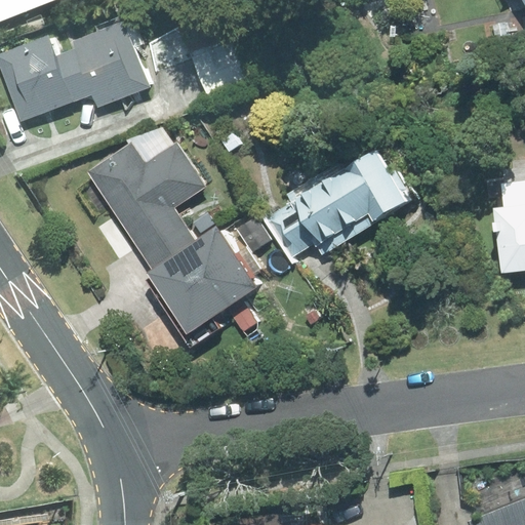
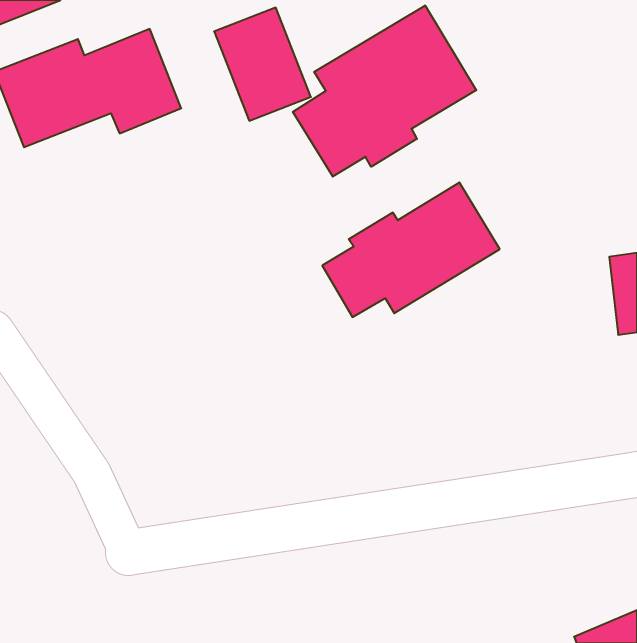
building: none -> [293,5,476,177]
building: [88,142,261,334] -> none

